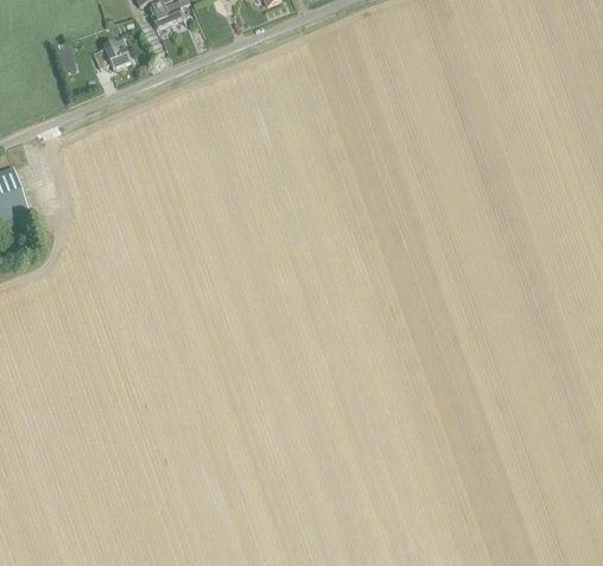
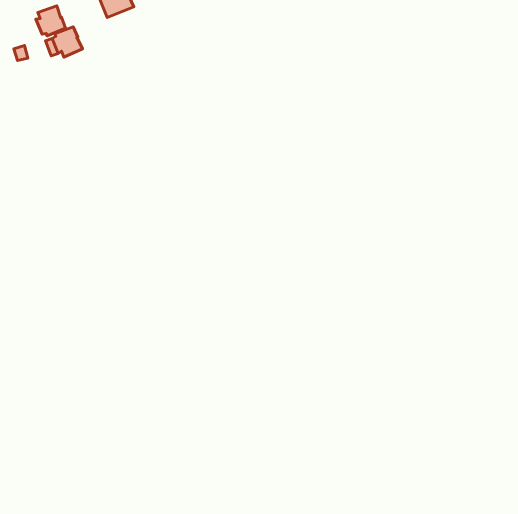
building: none -> [36,6,65,36]

